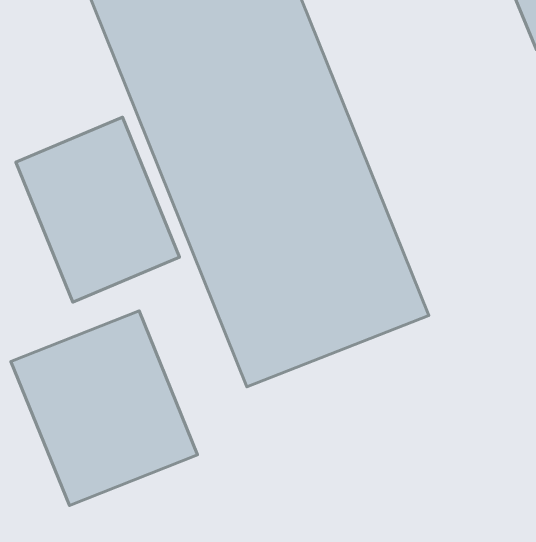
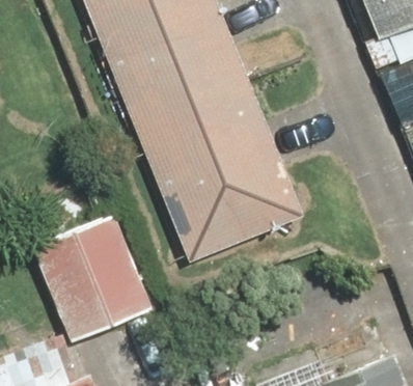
building: [16,117,180,302] -> none

